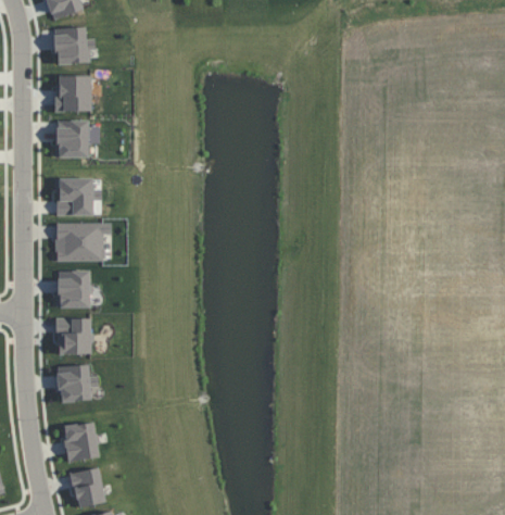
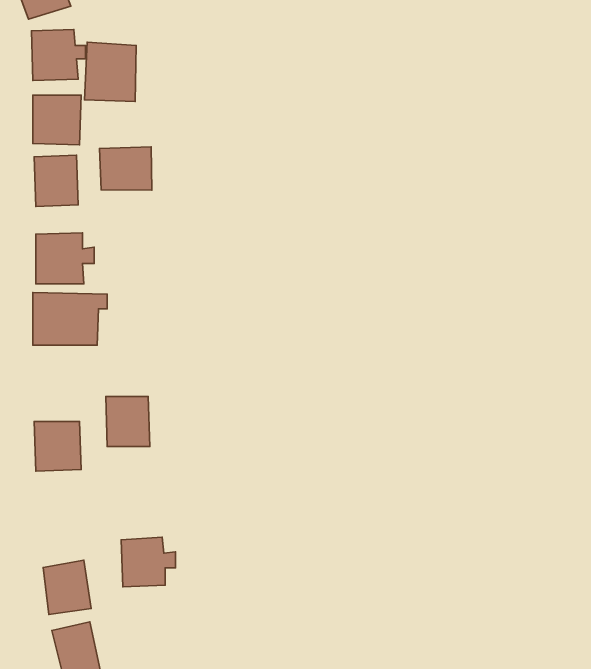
building: none -> [85,42,136,101]
building: none -> [99,147,152,190]
building: [58,271,90,307] -> [106,397,150,446]
building: [58,364,98,401] -> [121,537,175,587]

